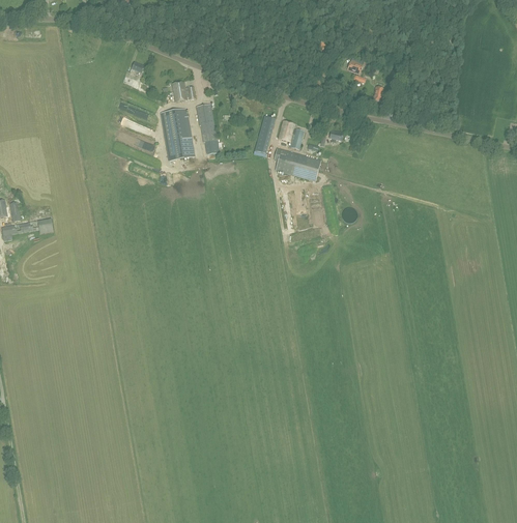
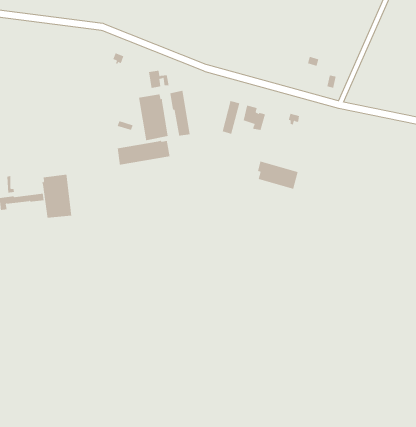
building: [274,148,320,180] -> [257,161,298,189]
building: none -> [117,140,170,165]
building: none -> [42,174,72,218]

